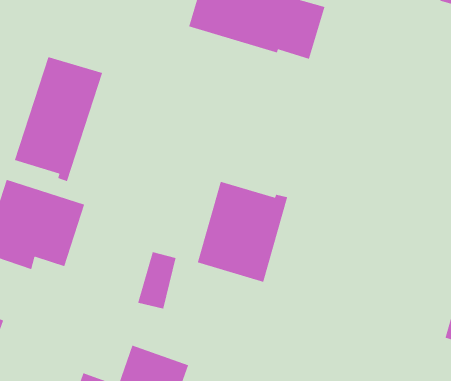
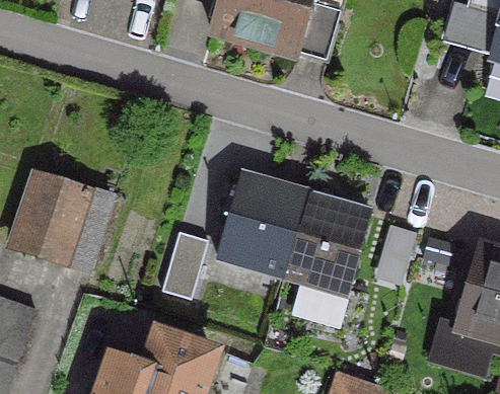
building: [14,56,103,182] -> none
building: none -> [281,191,367,325]

